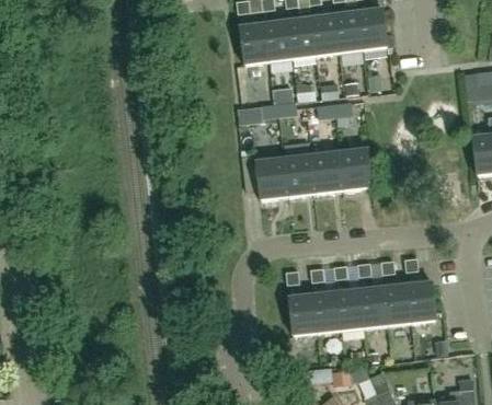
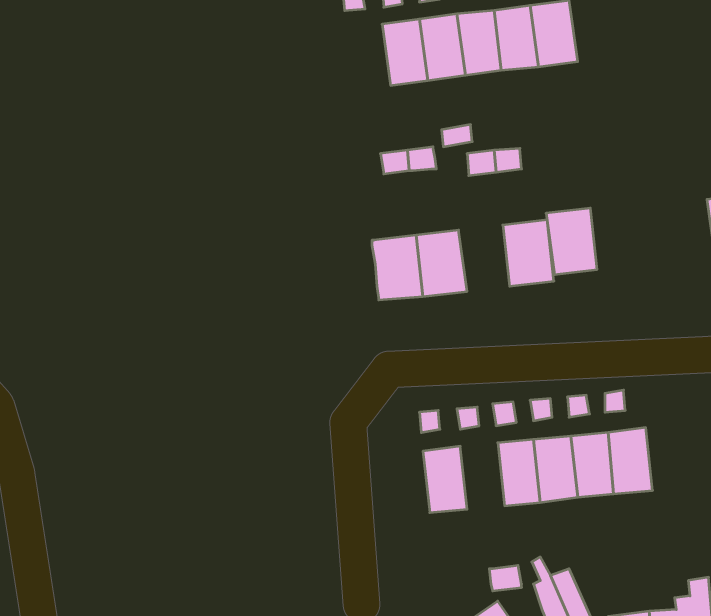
building: [238,22,267,65] -> none
building: [311,151,344,194] -> [546,208,597,275]
building: [312,291,341,334] -> none

